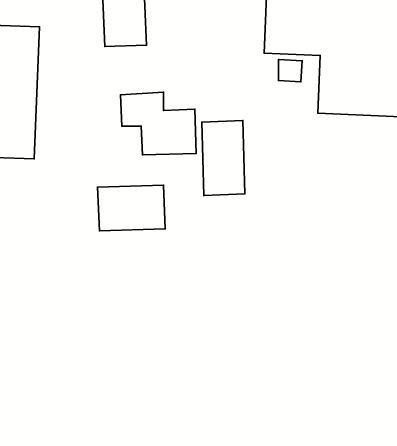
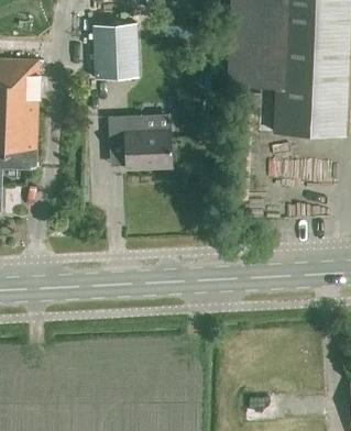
building: [202,120,245,196] -> none
building: [98,185,165,231] -> none

